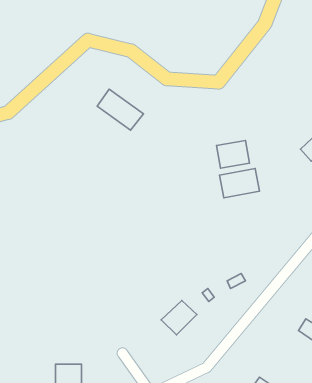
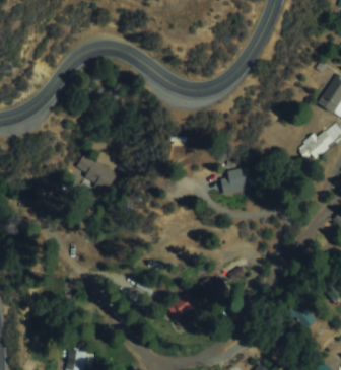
building: [97,89,144,130] -> [72,153,116,192]
building: [217,140,249,168] -> none

